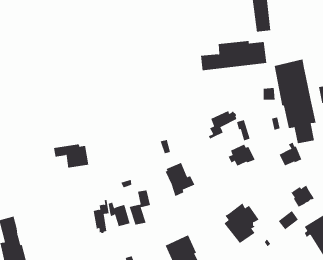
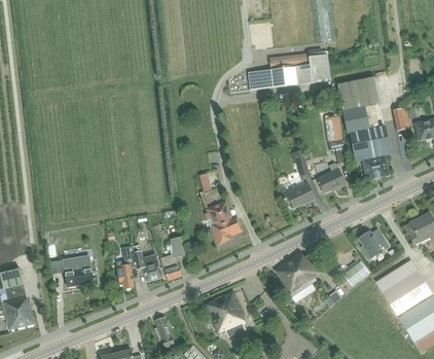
building: [208,110,237,139] -> none
building: [279,142,302,166] -> [317,163,346,192]
building: [53,144,89,168] -> [49,256,94,286]

